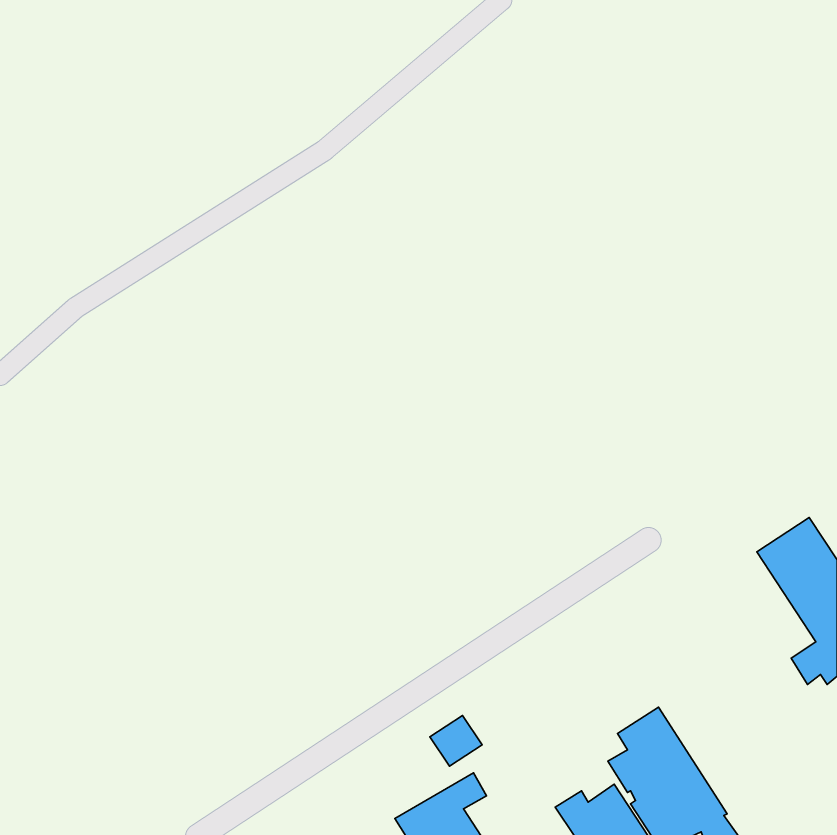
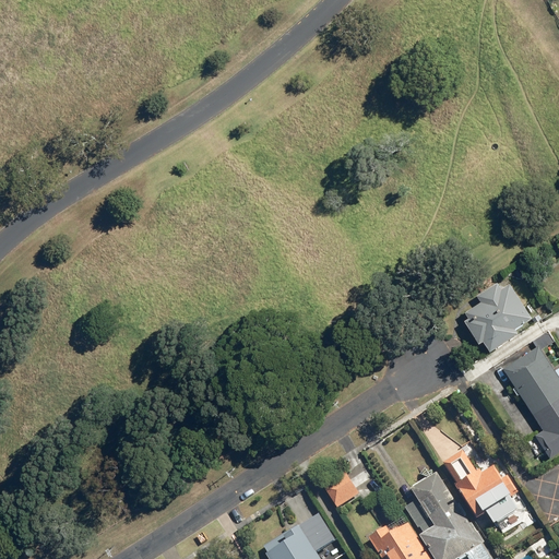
building: none -> [462,282,532,352]
building: none -> [444,452,520,525]
building: [430,715,482,766] -> [324,475,359,509]

